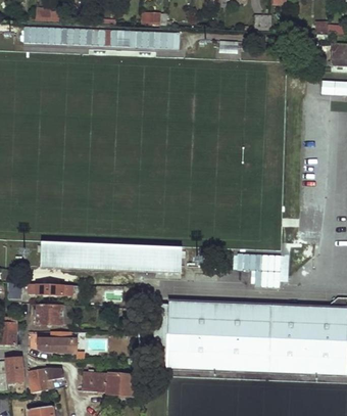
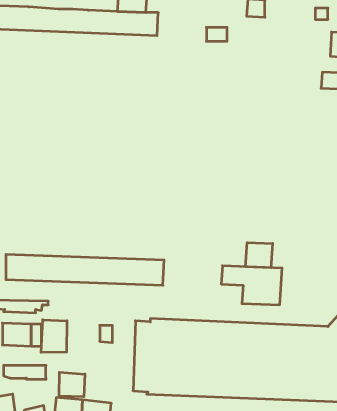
building: none -> [246,243,273,268]
building: none -> [41,320,67,352]
building: none -> [59,372,85,397]

